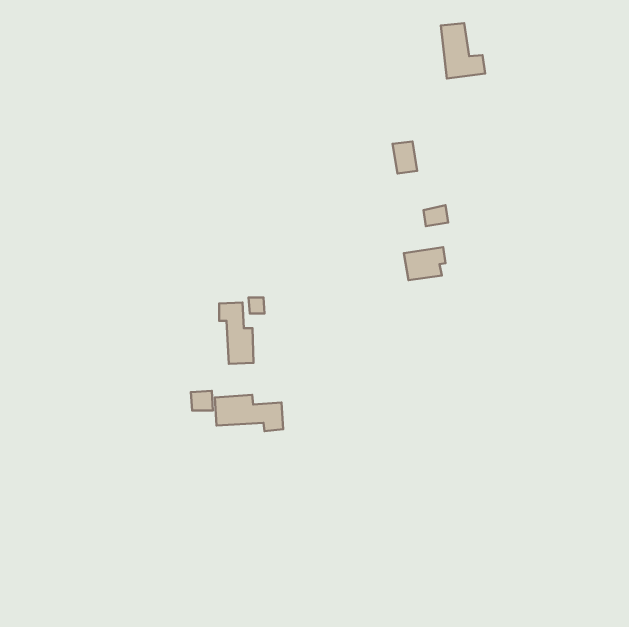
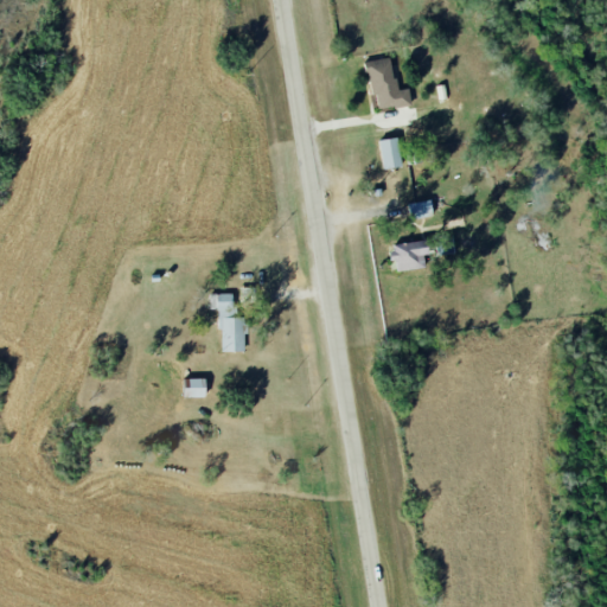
building: [441,23,485,78] -> [369,57,411,110]
building: [215,395,283,431] -> none

